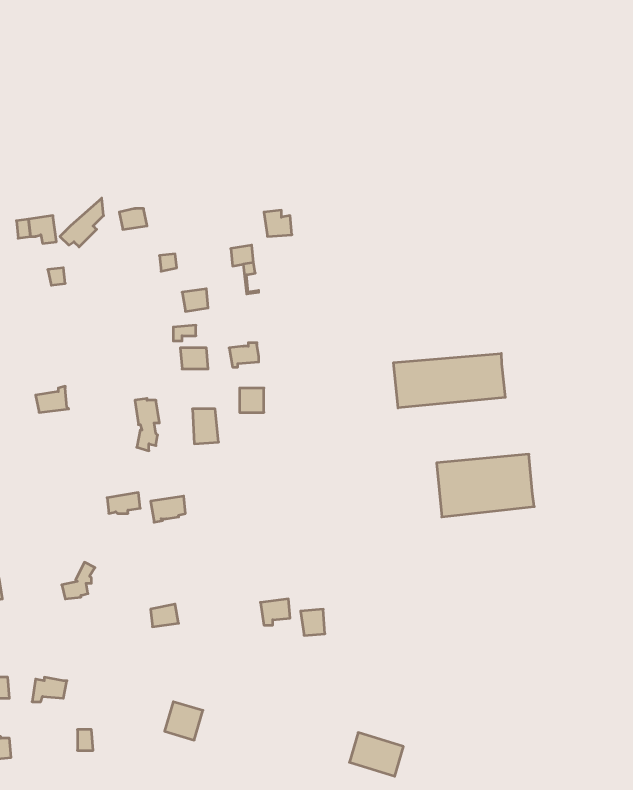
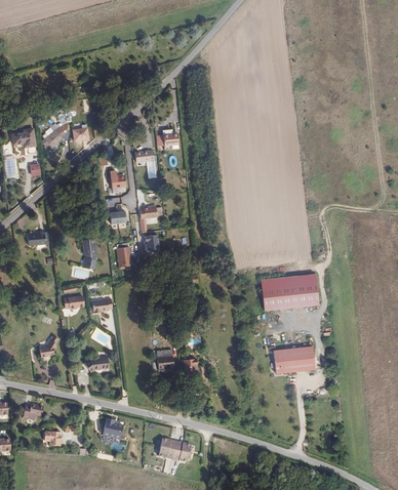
building: [394,353,505,408] -> none
building: none -> [271,344,312,370]
building: [349,733,403,776] -> [157,437,189,462]

